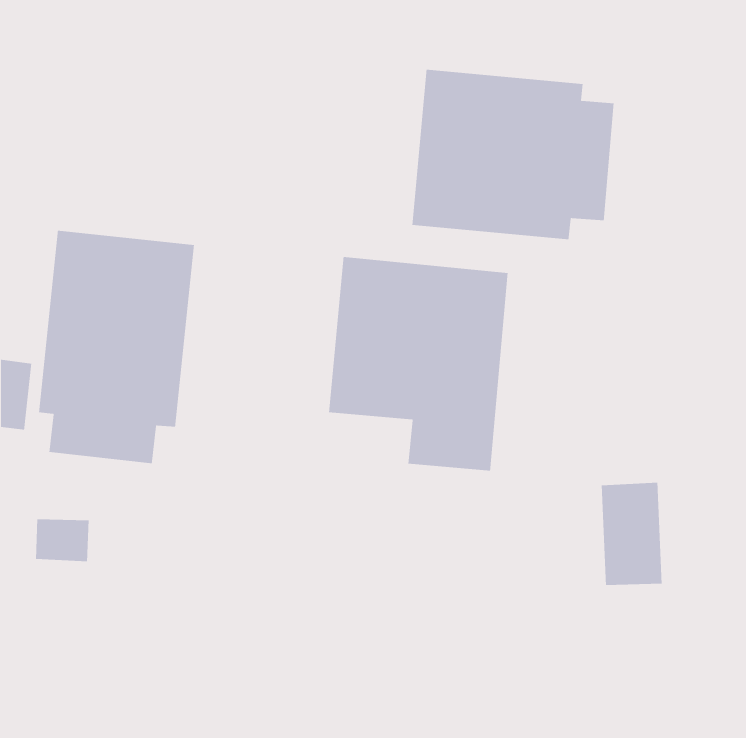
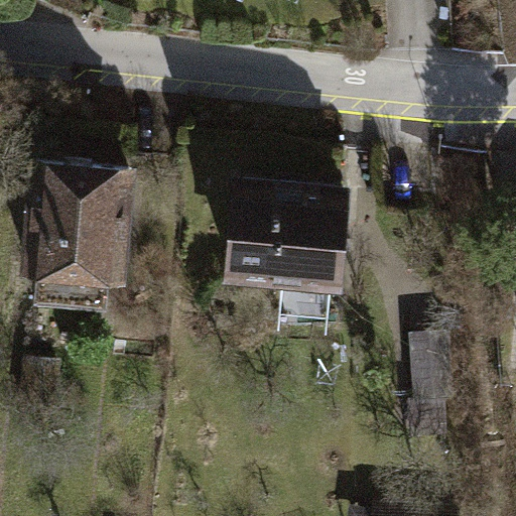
building: [412,69,615,240] -> none

